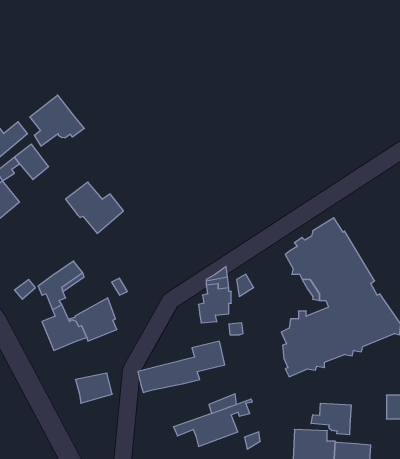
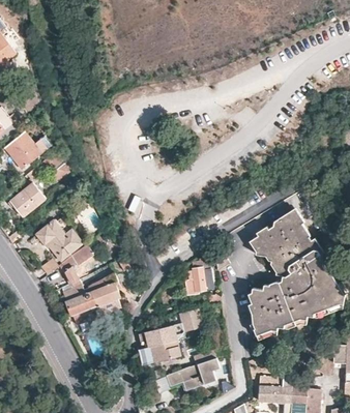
building: [30,95,84,146] -> none
building: [66,182,123,233] -> [36,218,82,259]
building: [75,373,112,403] -> [149,341,178,364]
building: [311,403,351,435] -> none

